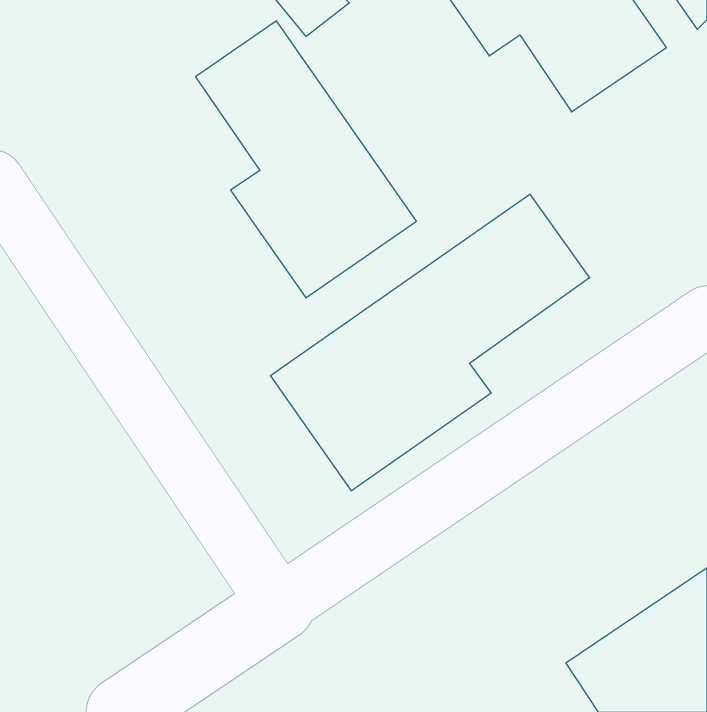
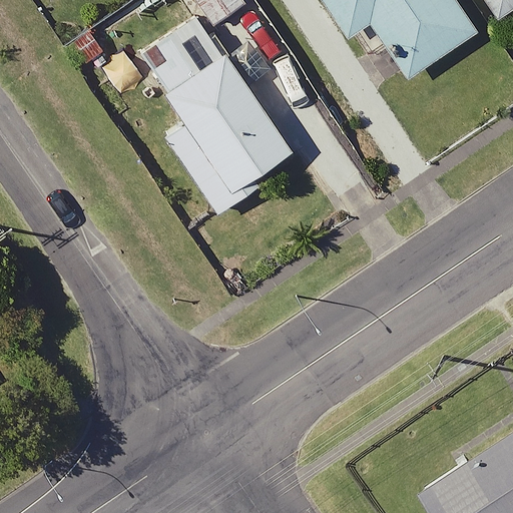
building: [270,194,590,491] -> none

